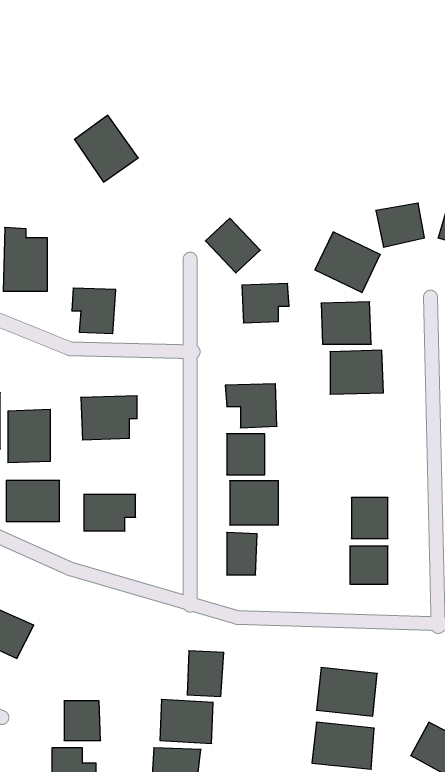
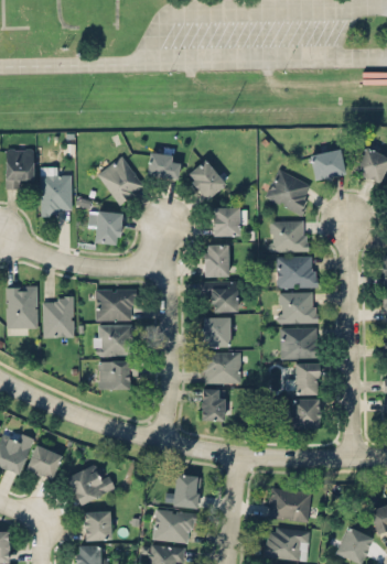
building: [74,115,138,182] -> [98,156,144,205]
building: none -> [148,154,180,180]
building: none -> [204,245,229,278]
building: none -> [279,293,315,324]
building: none -> [280,328,316,358]
building: [6,480,60,521] -> [94,325,132,355]
building: none -> [66,465,114,505]

